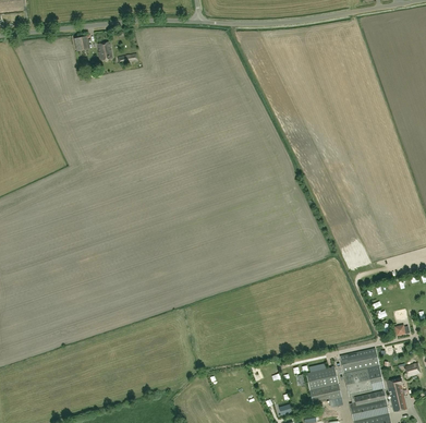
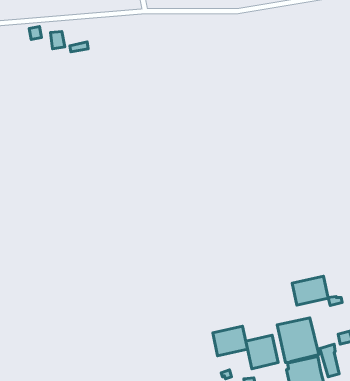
building: none -> [292,276,328,305]
building: none -> [213,326,247,356]

